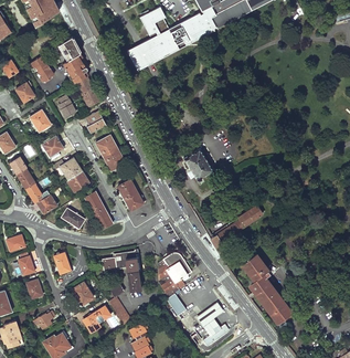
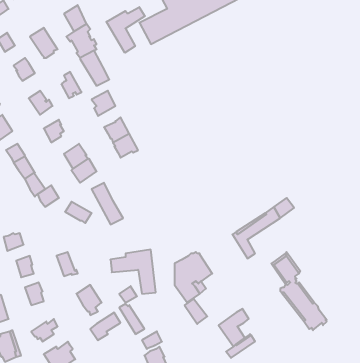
building: none -> [106,7,145,53]
building: [183,148,213,180] -> none
building: [117,178,145,212] -> none

